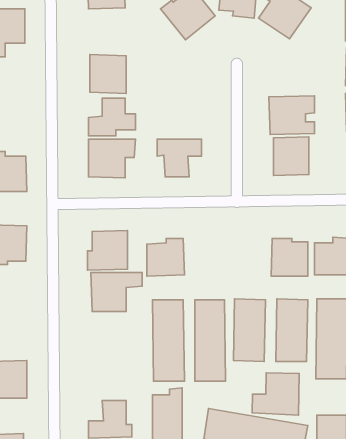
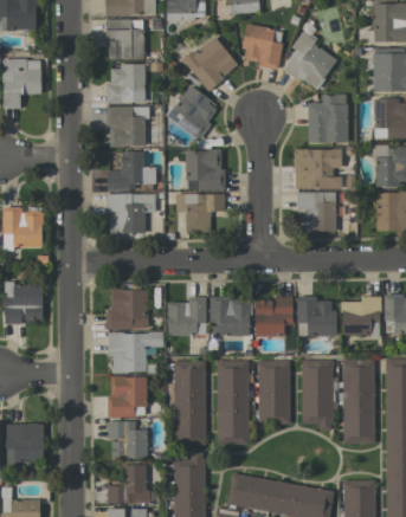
building: none -> [109,65,146,104]
building: none -> [168,86,220,138]
building: none -> [308,95,349,143]
building: none -> [186,149,224,190]
building: none -> [254,297,294,337]
building: none -> [211,298,251,335]
building: none -> [110,376,147,416]
building: none -> [108,421,148,459]
building: [252,373,299,415] -> none

